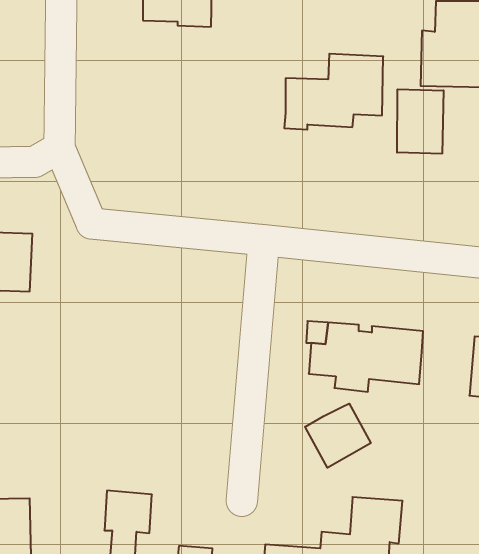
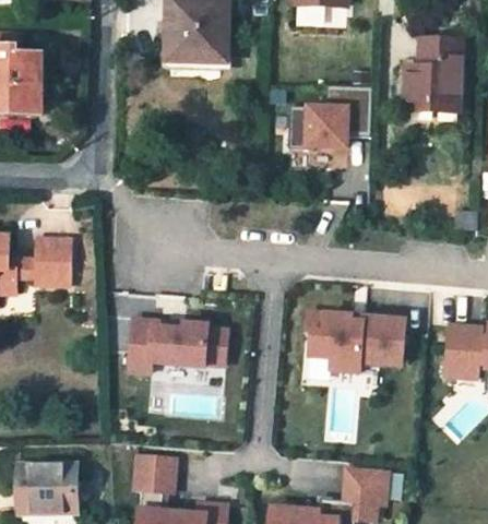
building: [397,89,444,154] -> none
building: none -> [129,320,226,372]
building: [305,404,371,468] -> none

